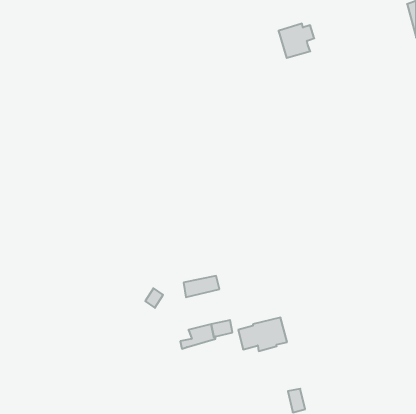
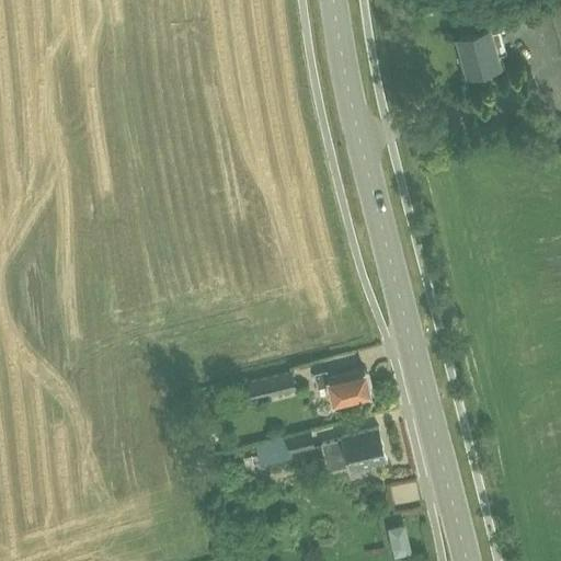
building: [278,24,314,58] -> [456,31,504,77]
building: none -> [313,373,371,409]

